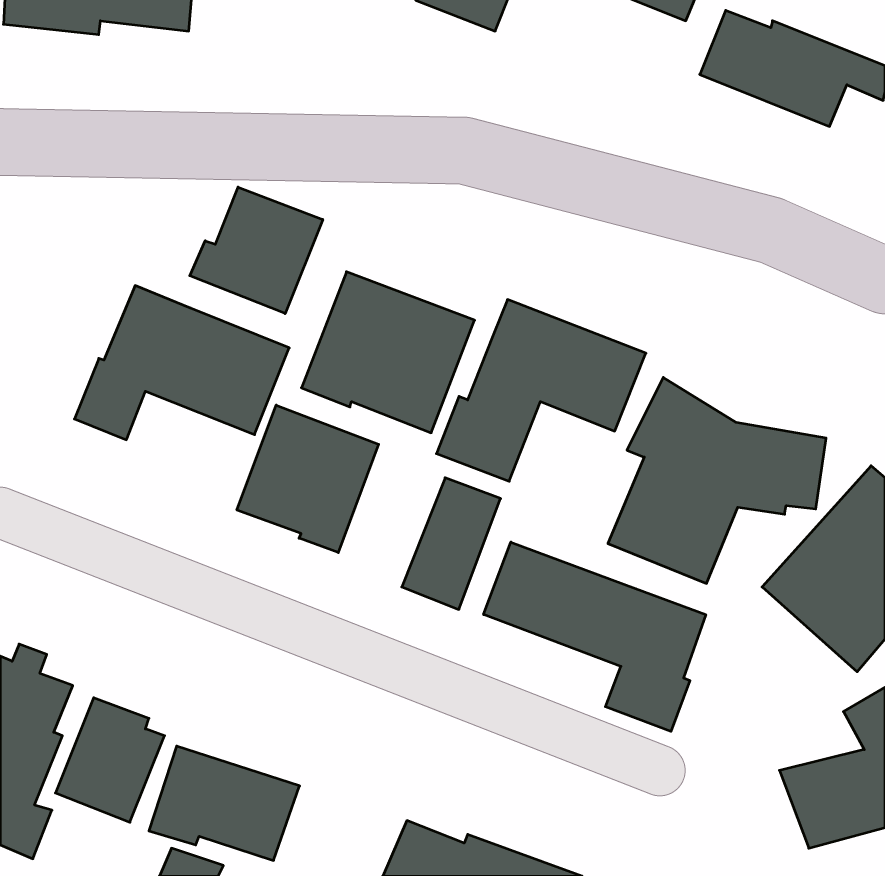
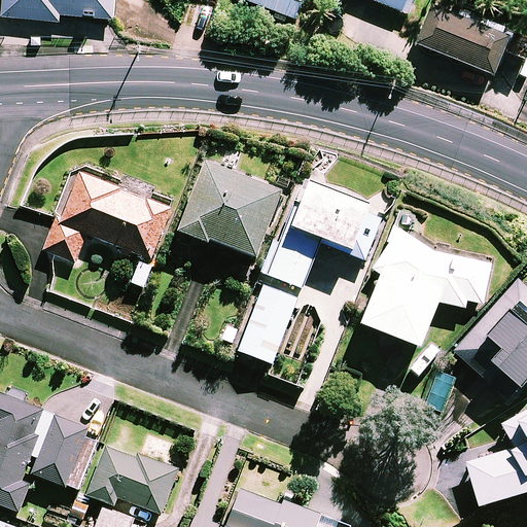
building: [190,187,323,314] -> none
building: [237,405,379,553] -> none
building: [484,542,706,731] -> none

